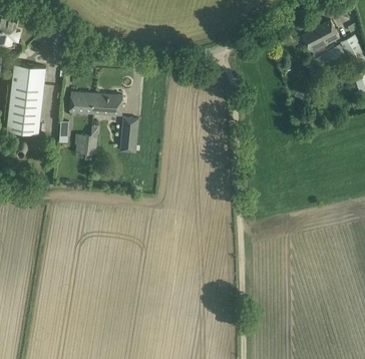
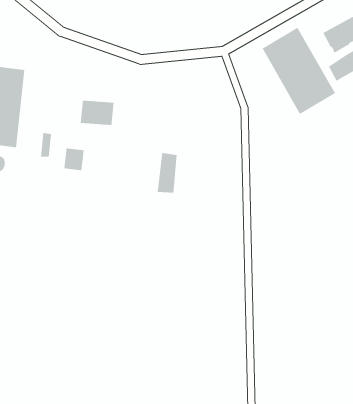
building: none -> [262,27,336,115]
building: [69,90,94,112] -> none
building: [119,116,137,151] -> [157,153,178,193]

